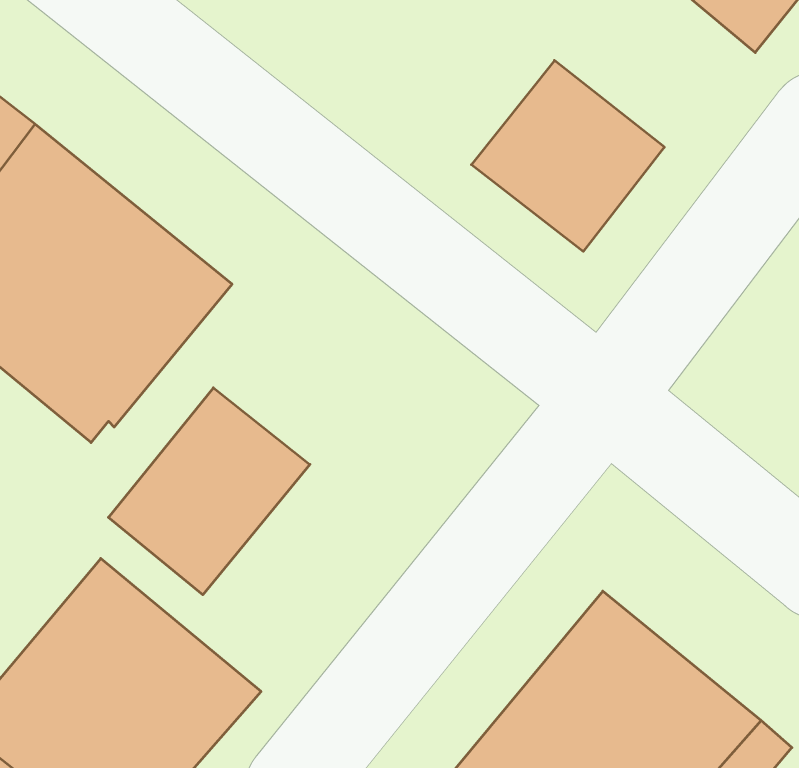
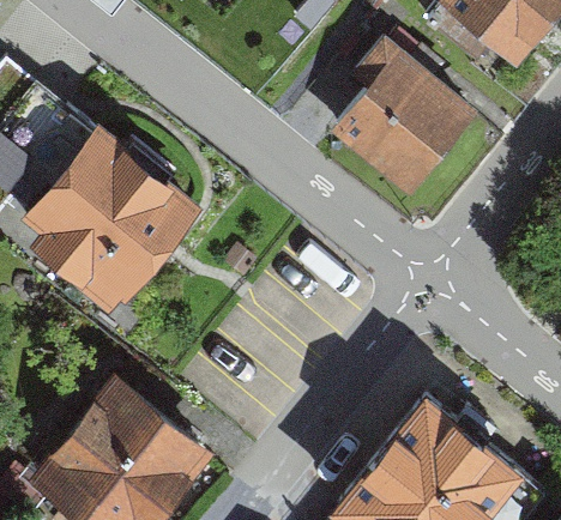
building: [108,388,310,595] -> none

